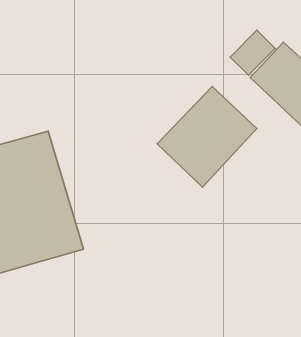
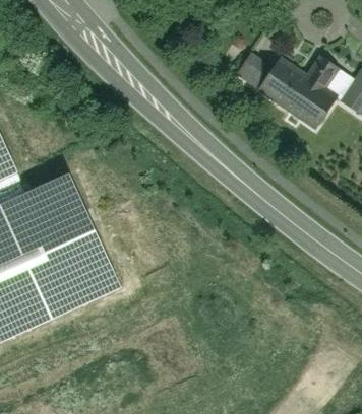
building: [157,86,257,187] -> none

